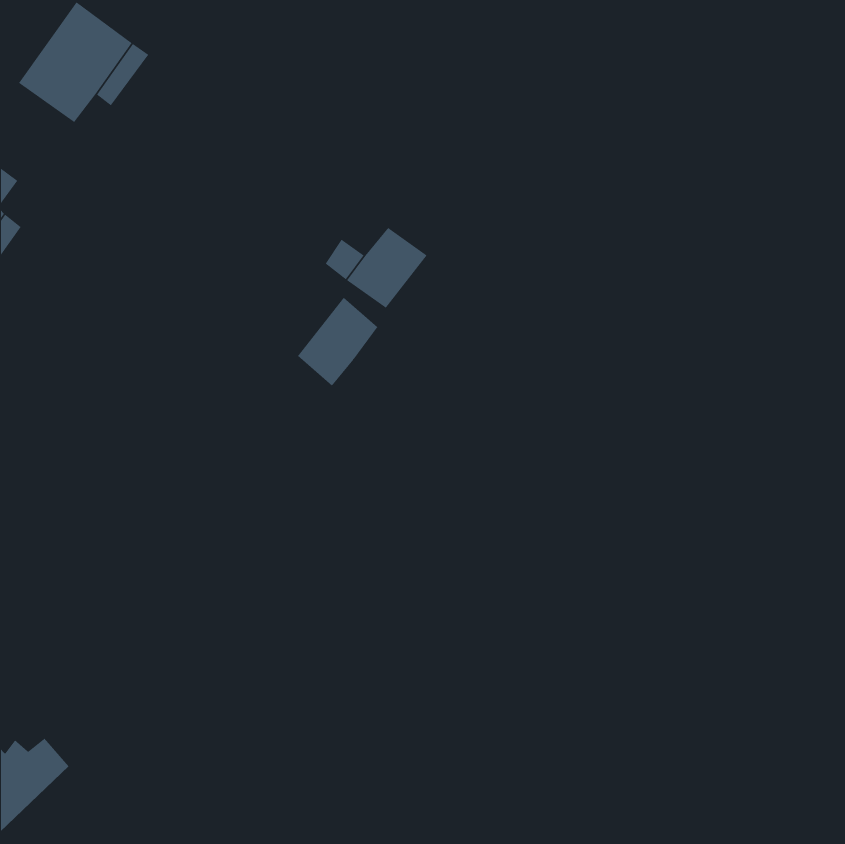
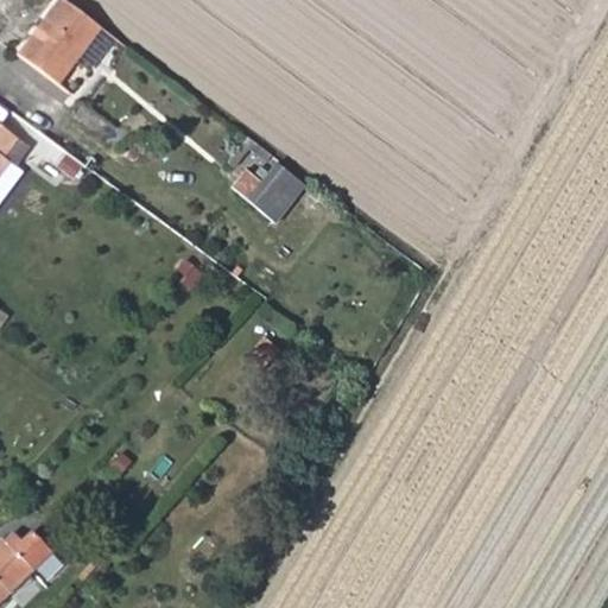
building: [297,297,378,386] -> none

